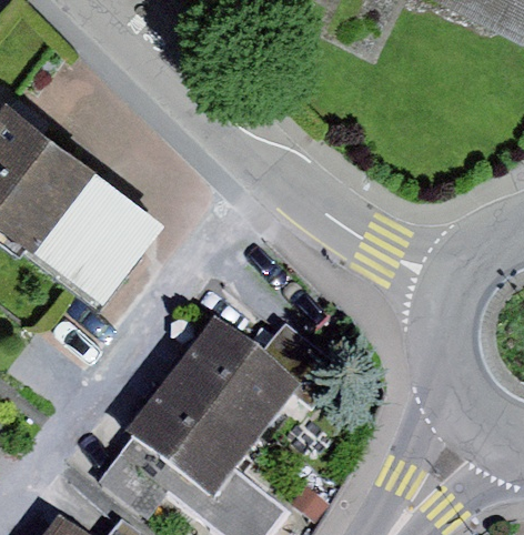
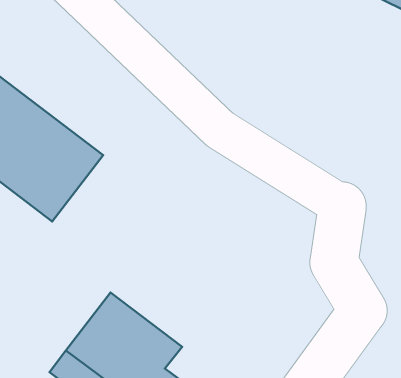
building: [164,330,321,452] -> none

